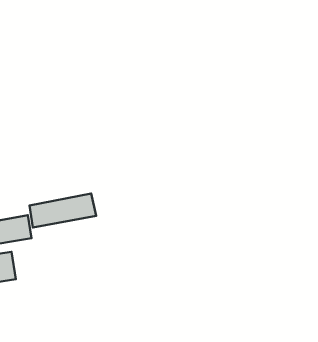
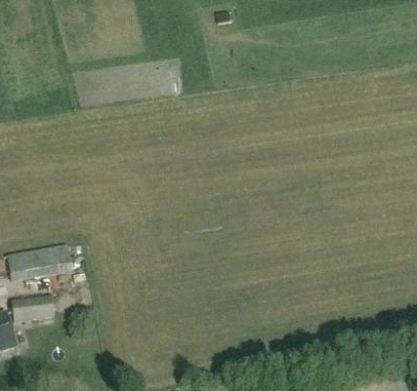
building: [29,194,96,228] -> none

